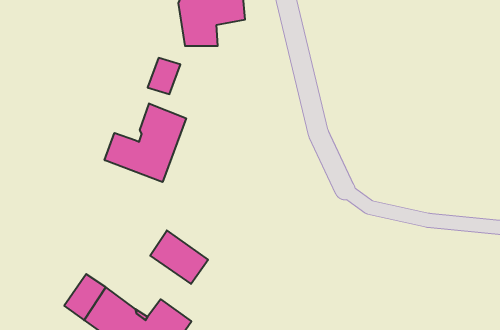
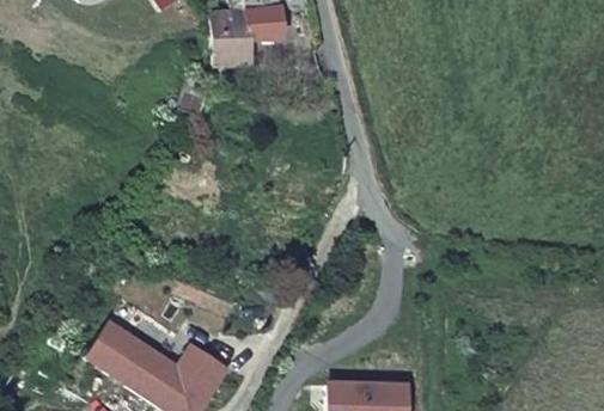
building: [105,103,186,182] -> none
building: [150,230,208,284] -> none

